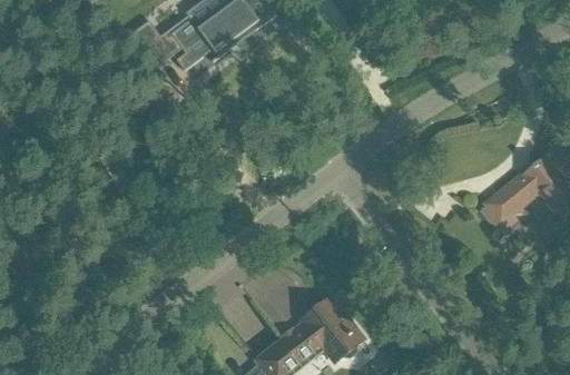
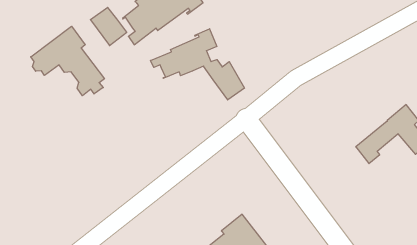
building: none -> [31,26,104,96]
building: none -> [151,29,244,100]

